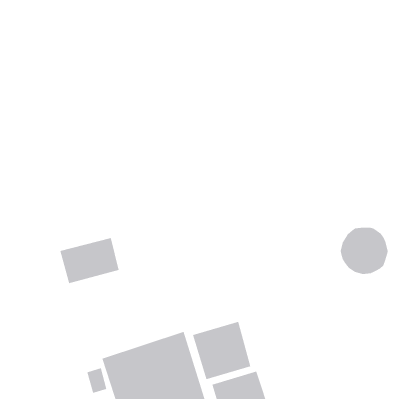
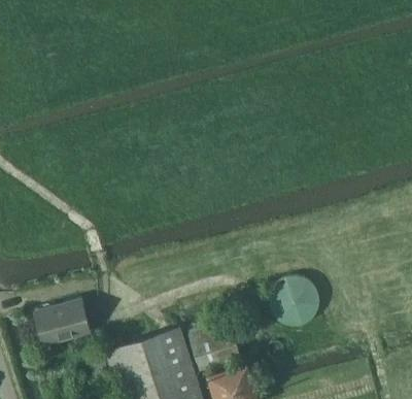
building: [340,227,389,275] -> [275,278,319,322]
building: [59,237,120,284] -> [35,302,90,344]

